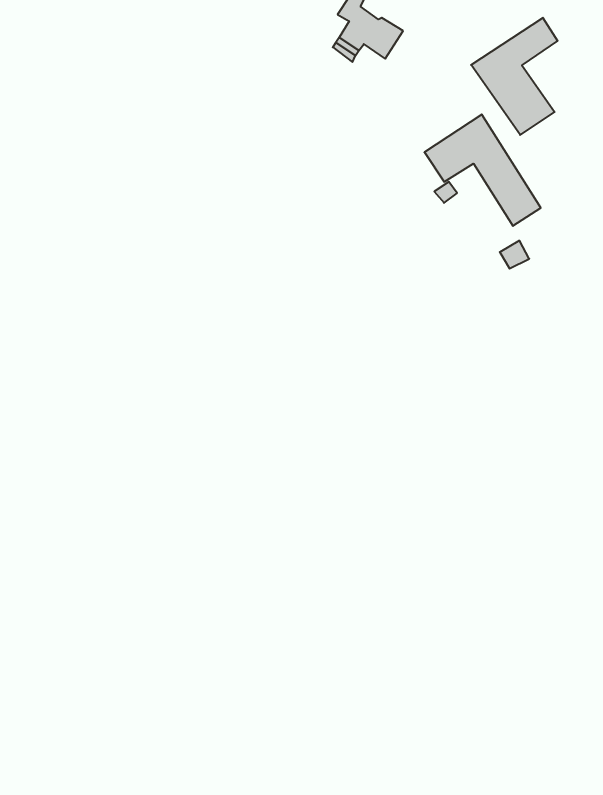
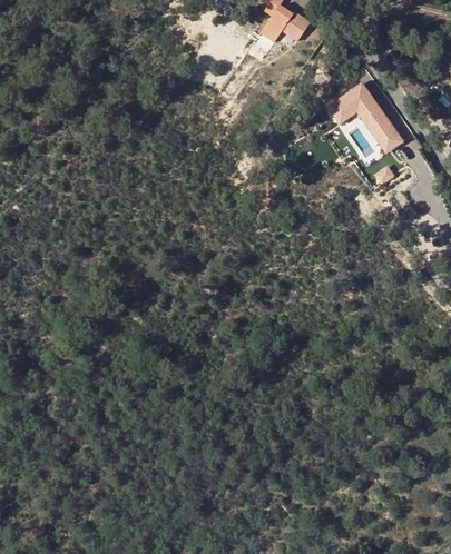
building: [471,18,558,135] -> none

